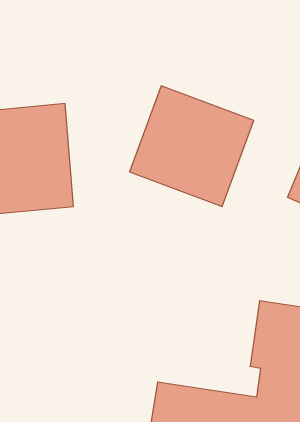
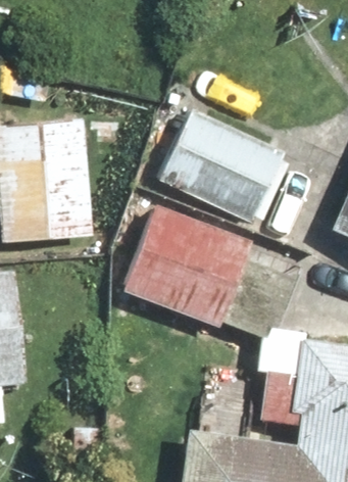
building: none -> [120,196,257,329]

